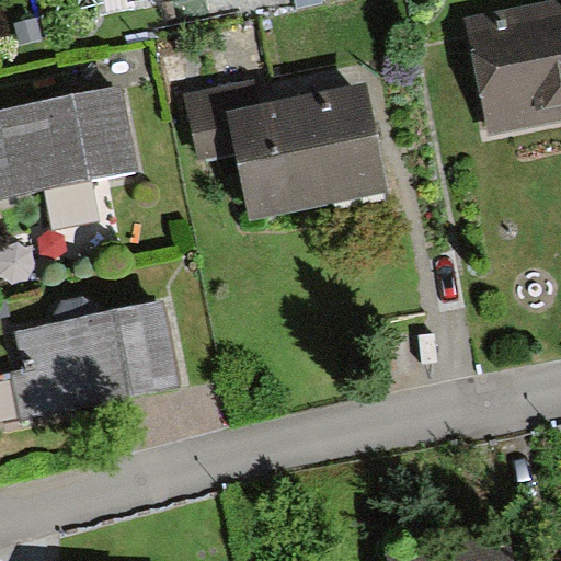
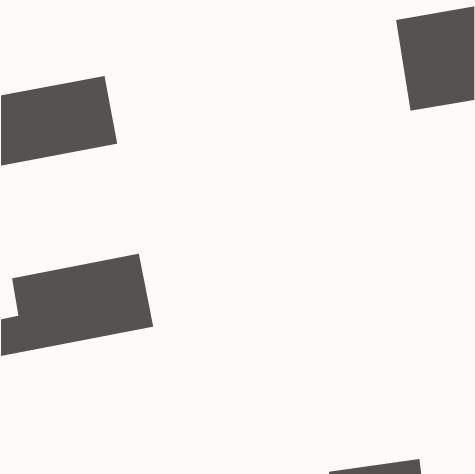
building: [186,85,390,214] -> none

